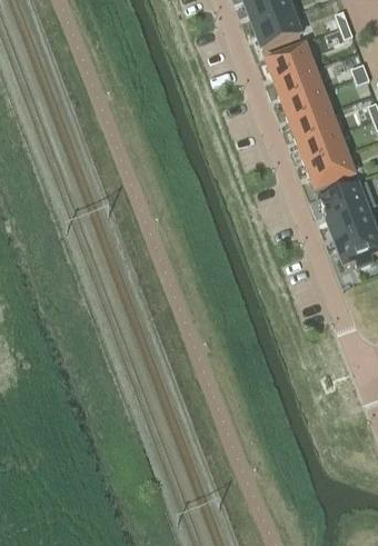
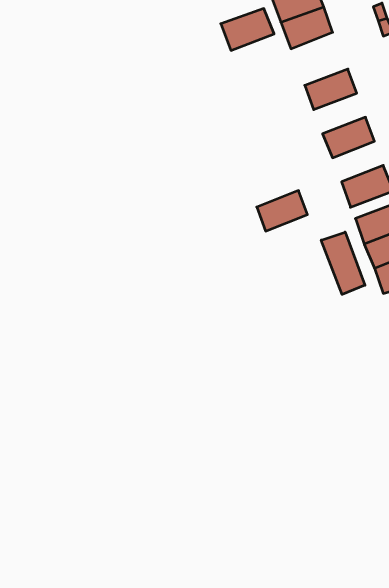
building: [267,46,314,82] -> [221,9,274,50]
building: [284,89,329,125] -> none
building: [300,131,345,167] -> [257,191,307,231]
building: none -> [321,232,365,294]

